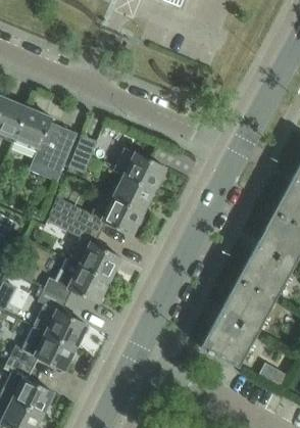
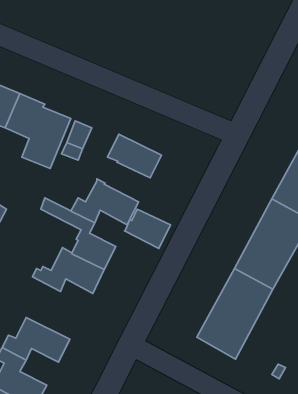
building: [109,175,154,213] -> [125,209,170,249]
building: [33,287,87,348] -> none

